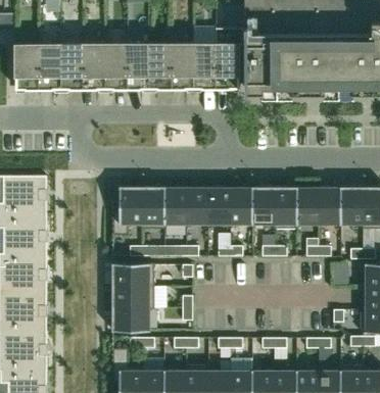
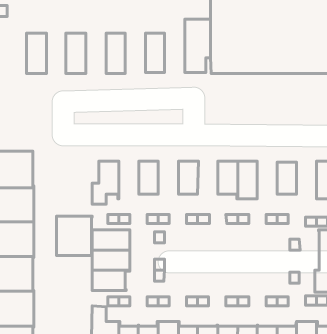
building: [14,44,38,89] -> none
building: [60,44,82,89] -> none
building: [104,44,127,89] -> none
building: [148,44,171,89] -> none
building: [192,44,215,88] -> none
building: [141,187,163,229] -> none
building: [185,187,207,224] -> none
building: [229,187,251,225] -> none
building: [295,187,318,229] -> none
building: [339,187,362,229] -> none
building: none -> [56,216,92,256]

